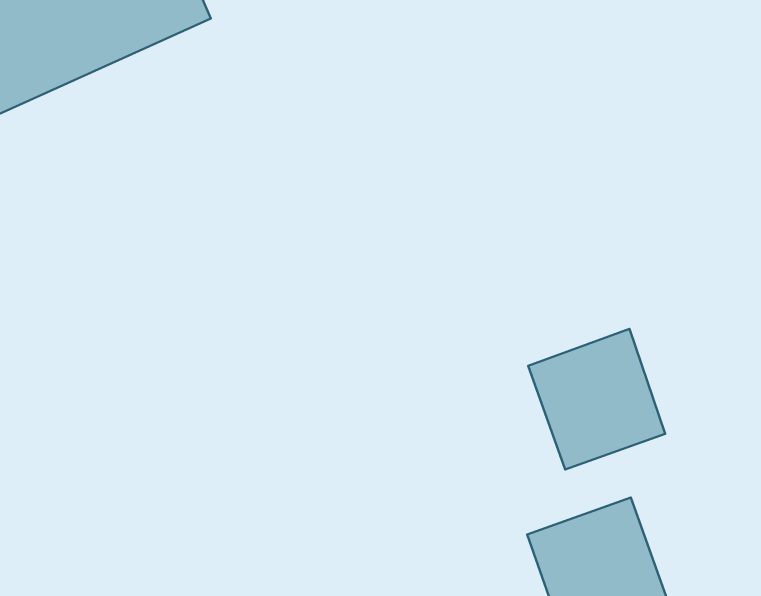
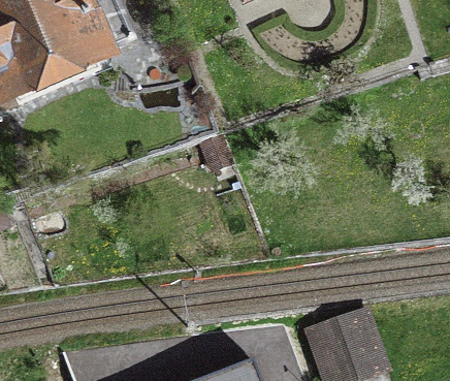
building: [528,329,665,470] -> none

